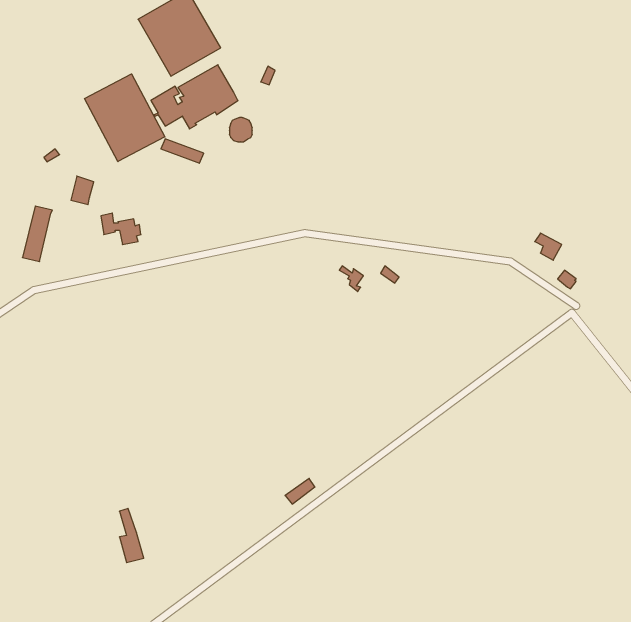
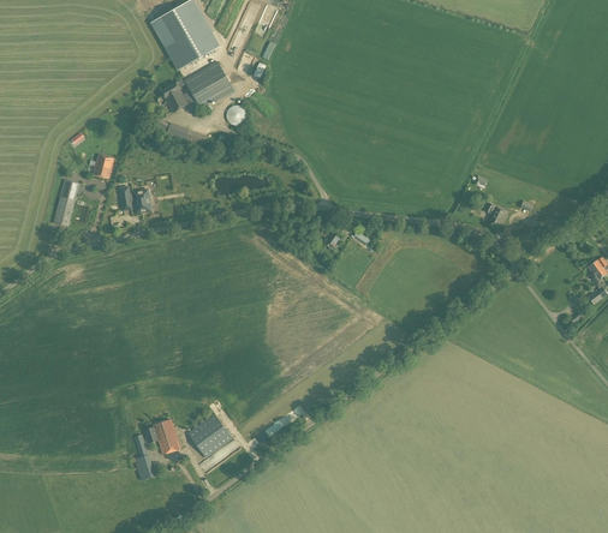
building: [85,74,165,162] -> none
building: none -> [187,413,232,456]
building: none -> [144,418,185,454]

